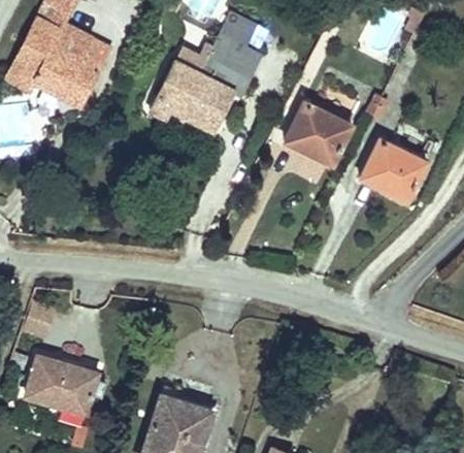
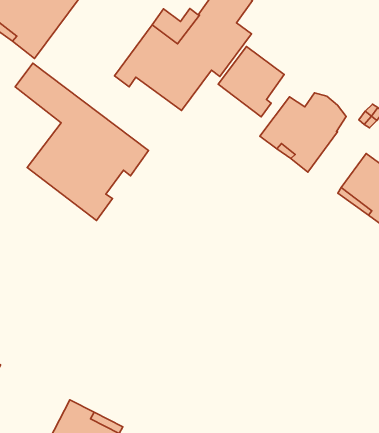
building: none -> [218,46,284,117]
building: none -> [15,63,149,220]

